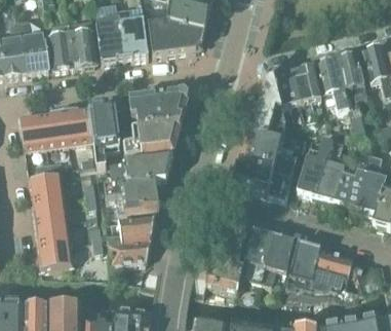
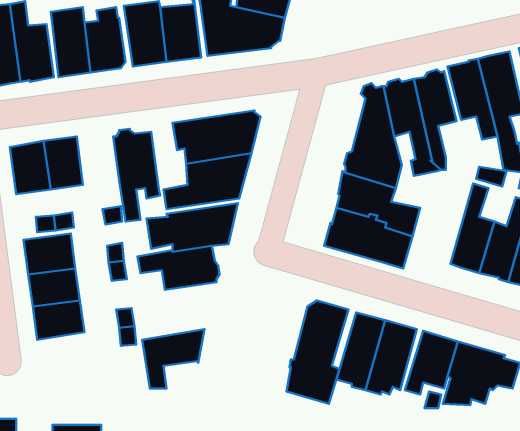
building: [64,106,91,142] -> none
building: [296,139,331,195] -> none
building: [104,213,155,247] -> none
building: [37,242,73,269] -> none

